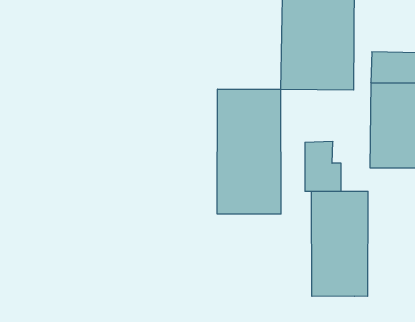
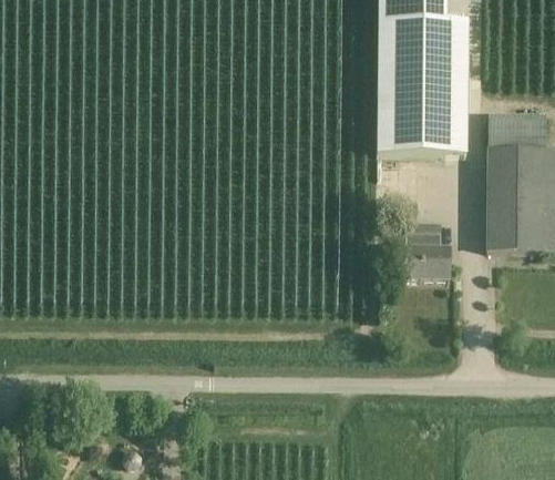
building: [217,89,281,214] -> none
building: [312,191,368,296] -> none

